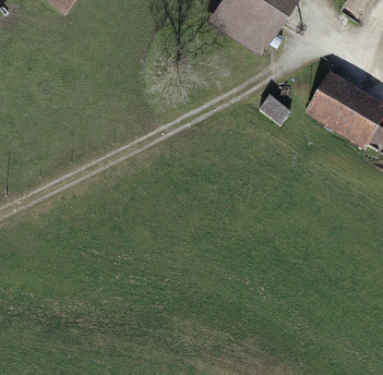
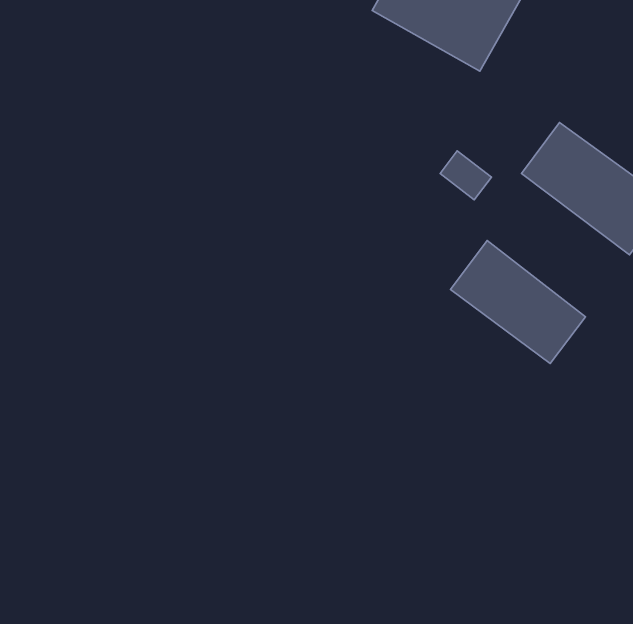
building: none -> [450,240,585,364]

